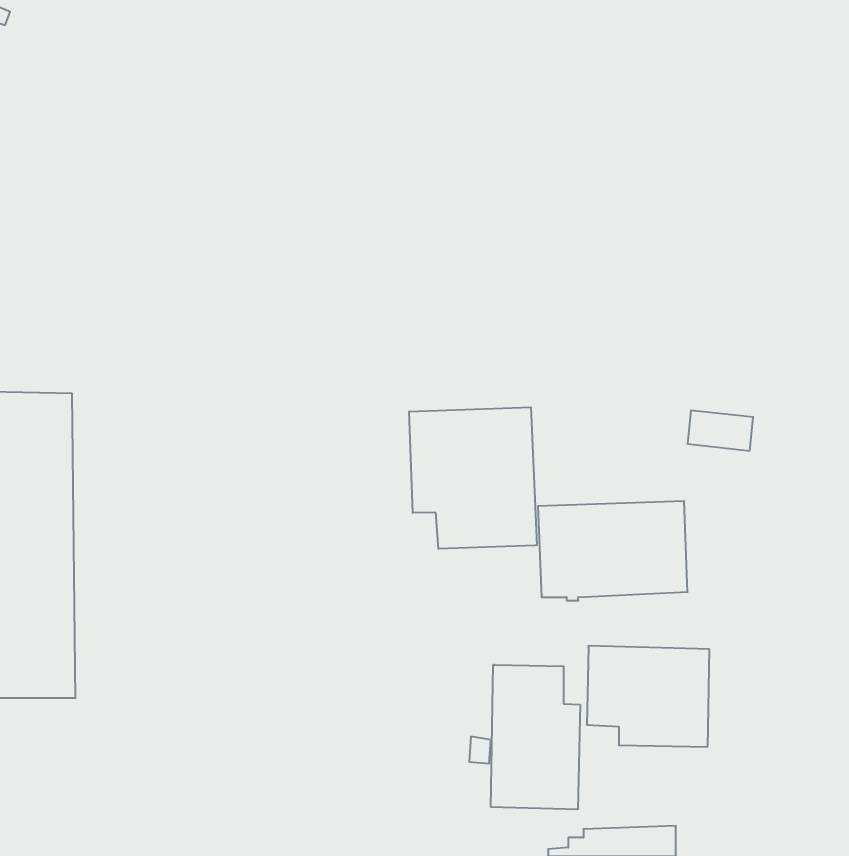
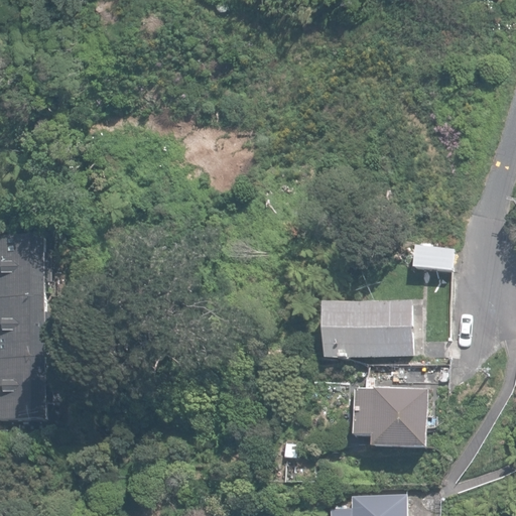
building: [409,407,537,549] -> none
building: [491,665,580,809] -> none

